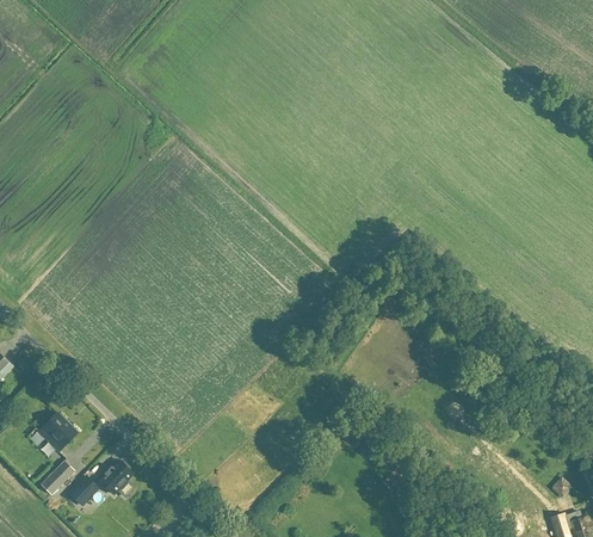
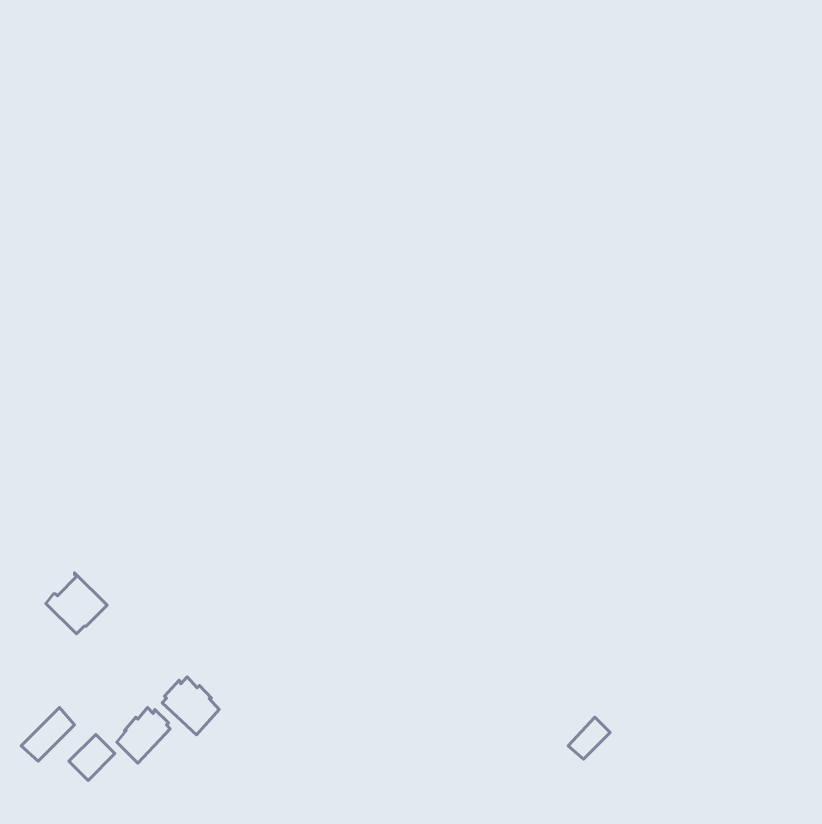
building: [36,413,74,451] -> [46,573,107,634]
building: none -> [162,677,219,735]

